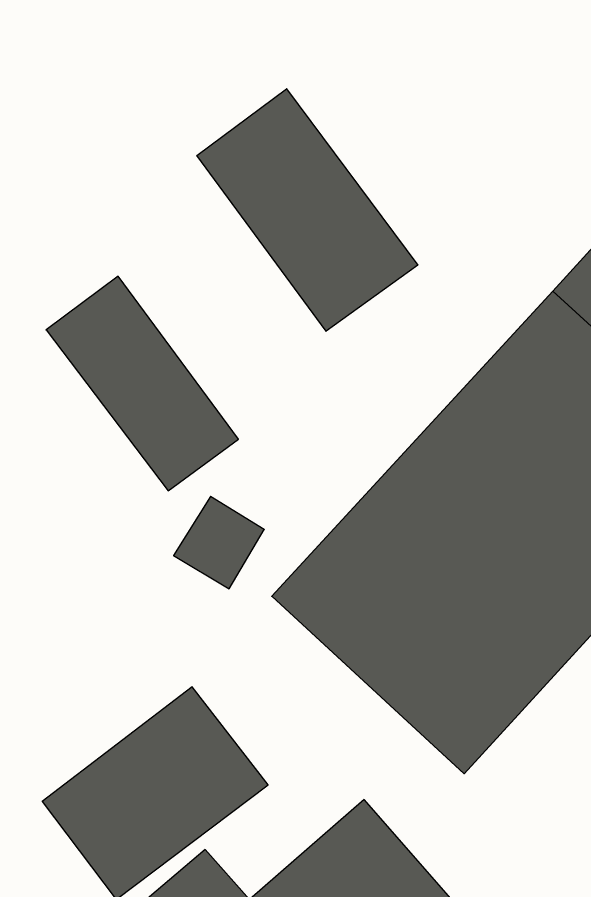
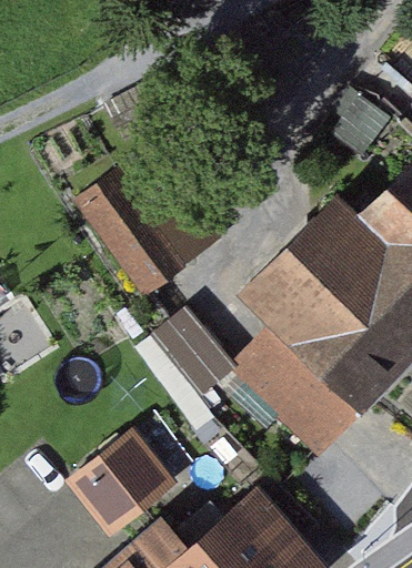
building: [197,89,418,331] -> none

